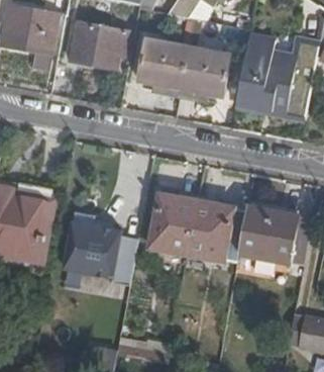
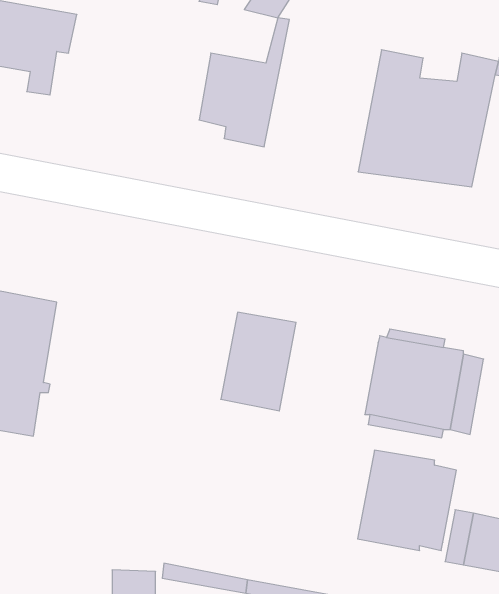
building: [178,17,229,99] -> none
building: [70,19,127,67] -> none
building: [187,200,246,261] -> [358,450,456,551]
building: [65,212,137,286] -> none

